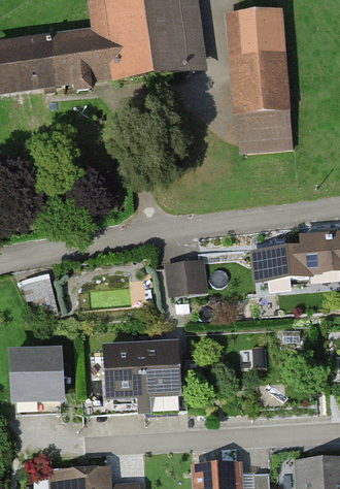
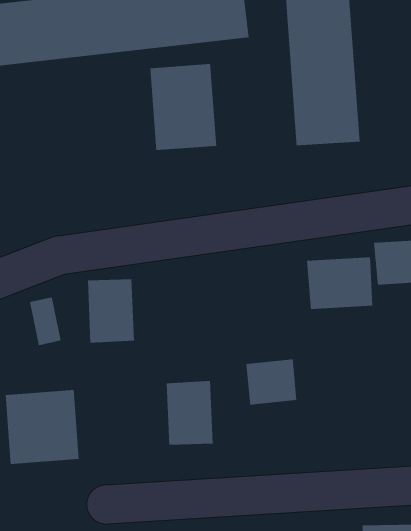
building: none -> [150,63,217,151]
building: [166,258,207,295] -> [246,359,297,405]
building: [101,345,139,396] -> [87,279,135,343]

